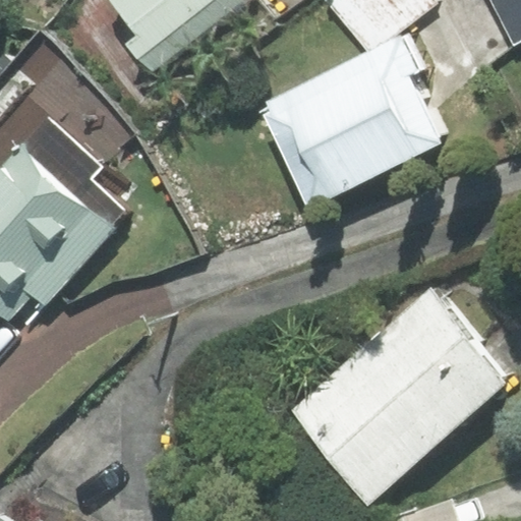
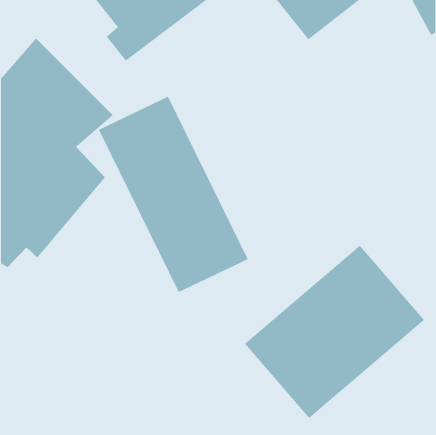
building: [258,34,442,208] -> none
building: none -> [98,96,248,293]

